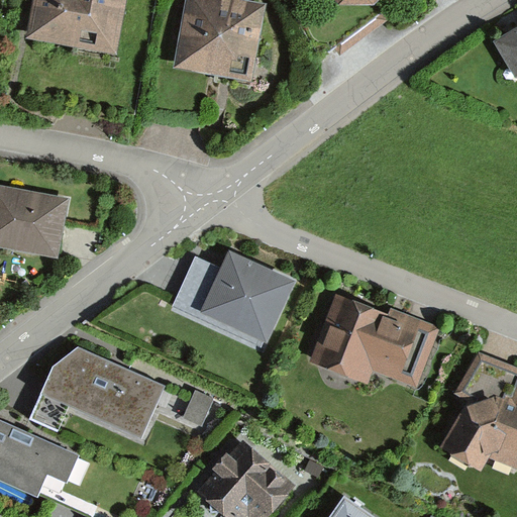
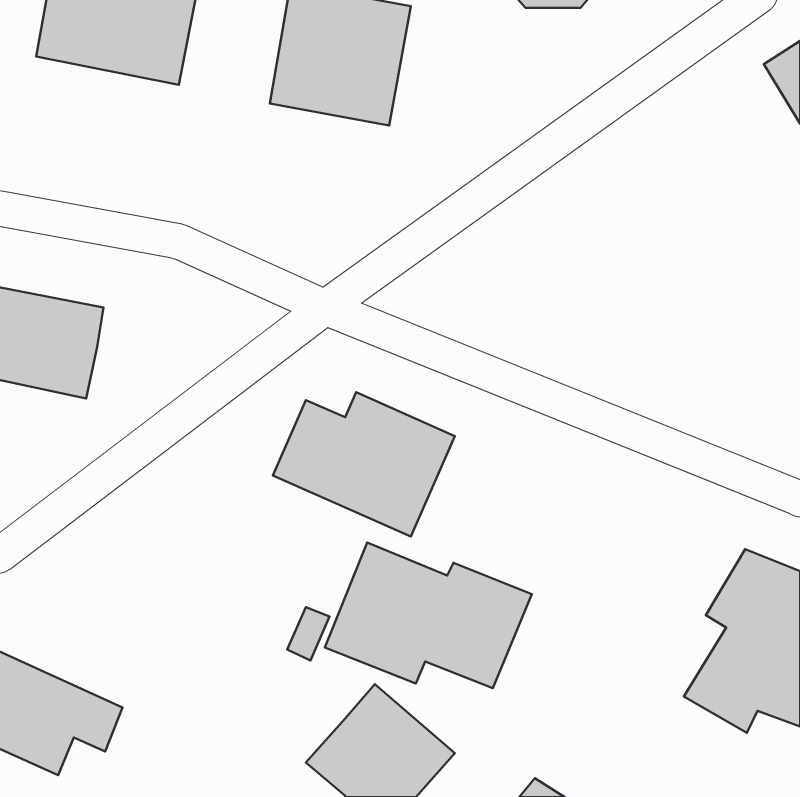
building: [308,294,441,388] -> [325,542,532,688]
building: [29,348,164,438] -> none

